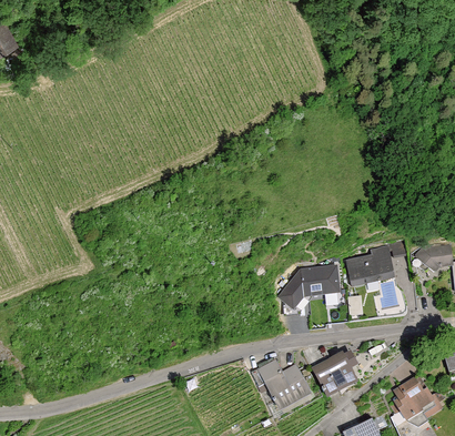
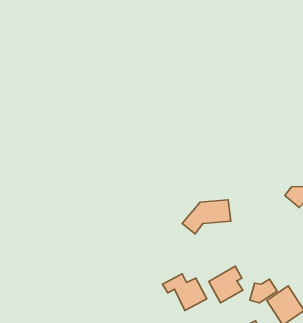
building: [348,243,395,286] -> none
building: none -> [250,279,277,303]

